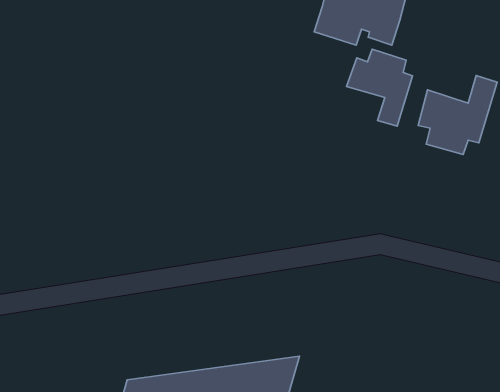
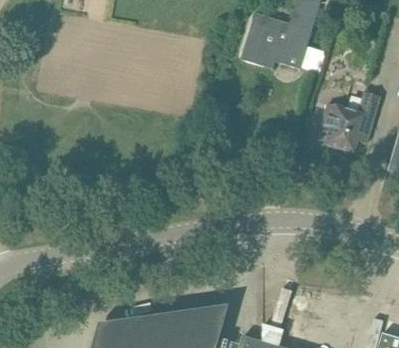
building: [347,49,413,126] -> none

